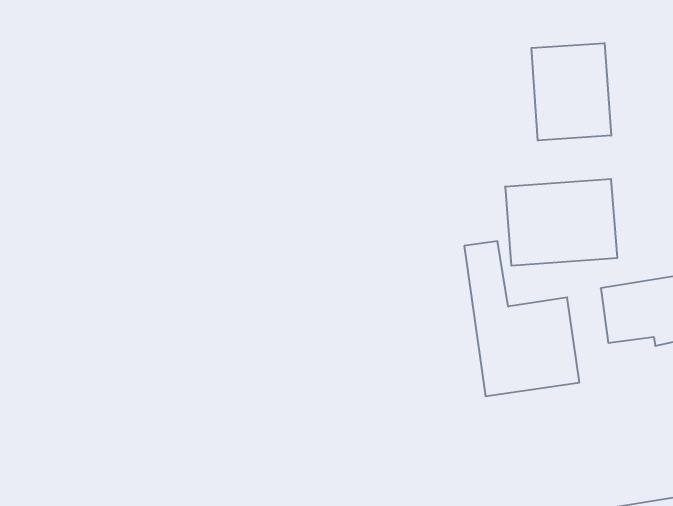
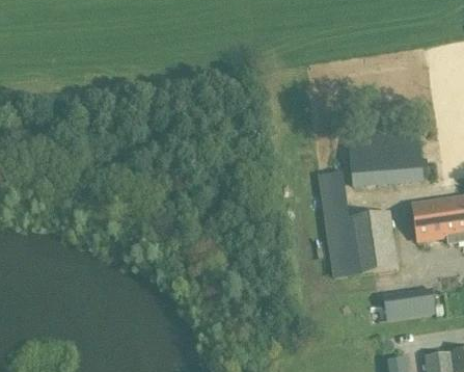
building: [531,43,611,141] -> none
building: none -> [383,289,443,322]

